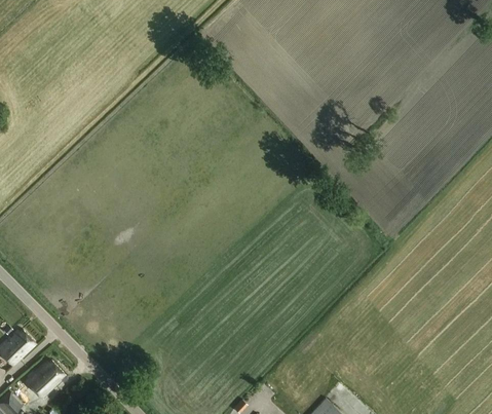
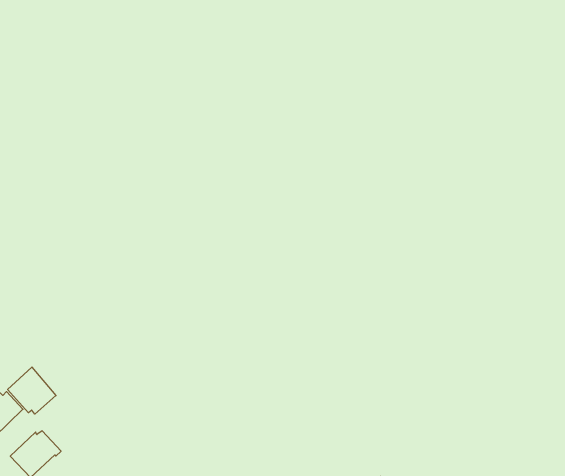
building: none -> [8,367,56,414]

